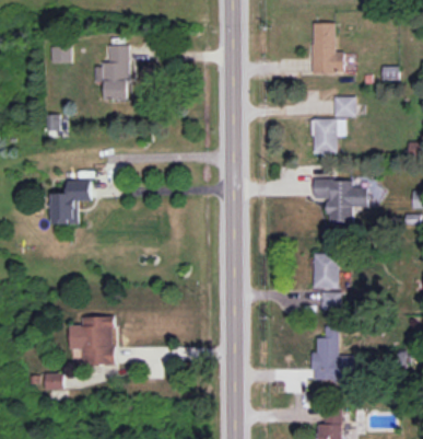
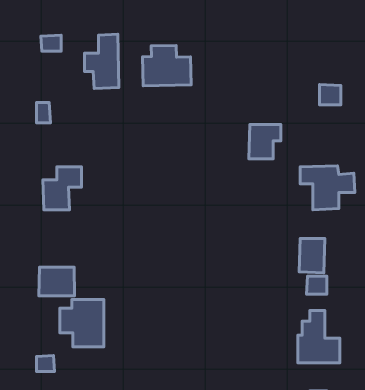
building: [312,23,343,73] -> none
building: none -> [143,45,191,86]
building: [312,119,344,154] -> [249,125,281,159]
building: none -> [39,267,75,296]

